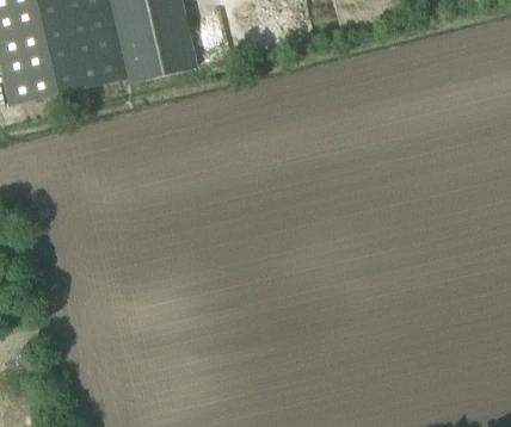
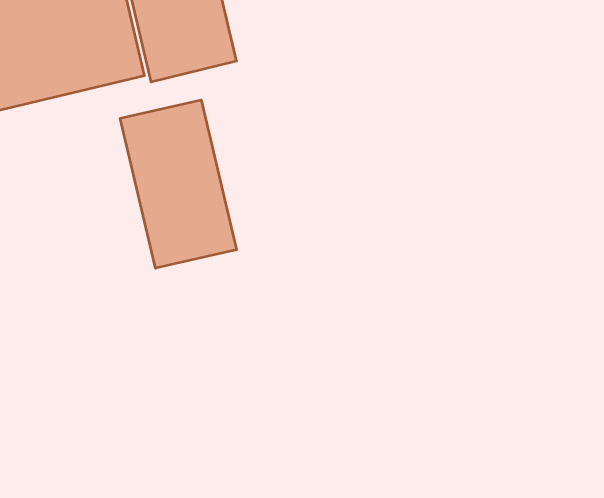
building: none -> [120,100,236,268]

